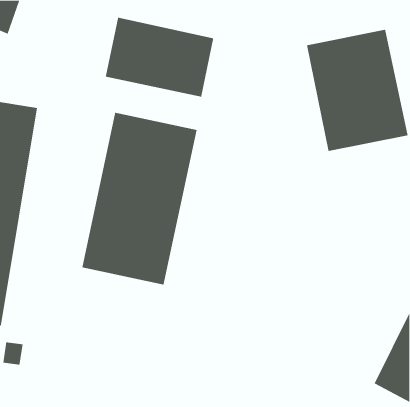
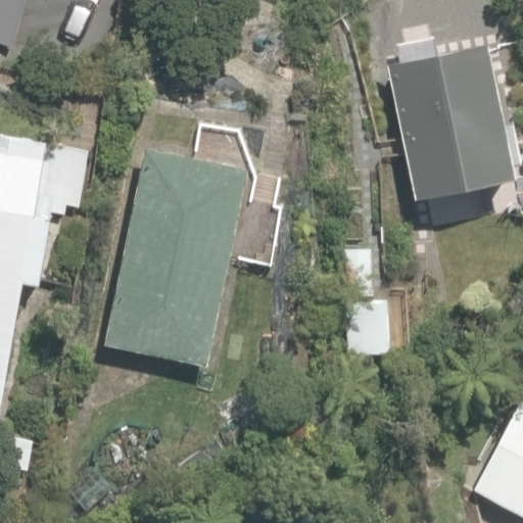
building: [105,17,214,98] -> none

